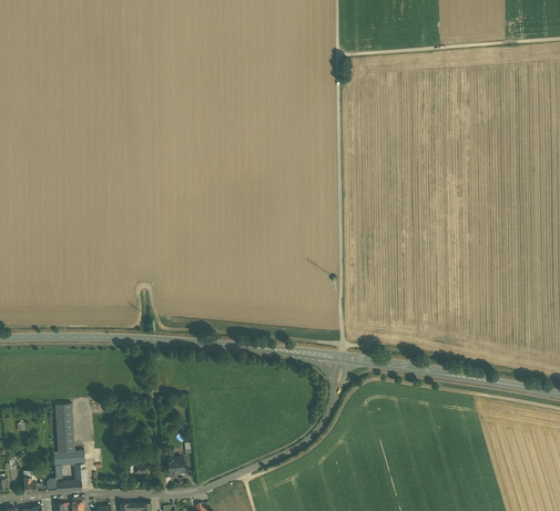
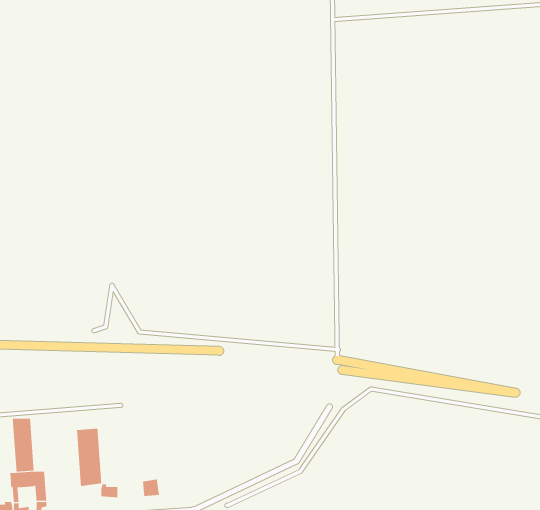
building: none -> [76,428,102,487]

